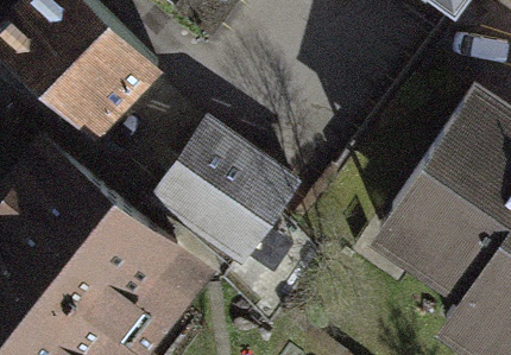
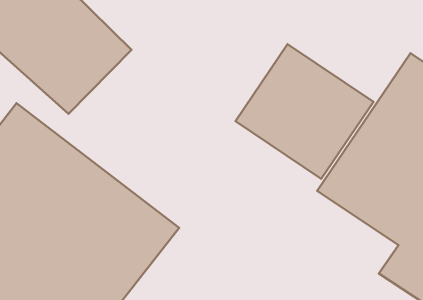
building: [152,122,303,270] -> [236,44,373,179]

